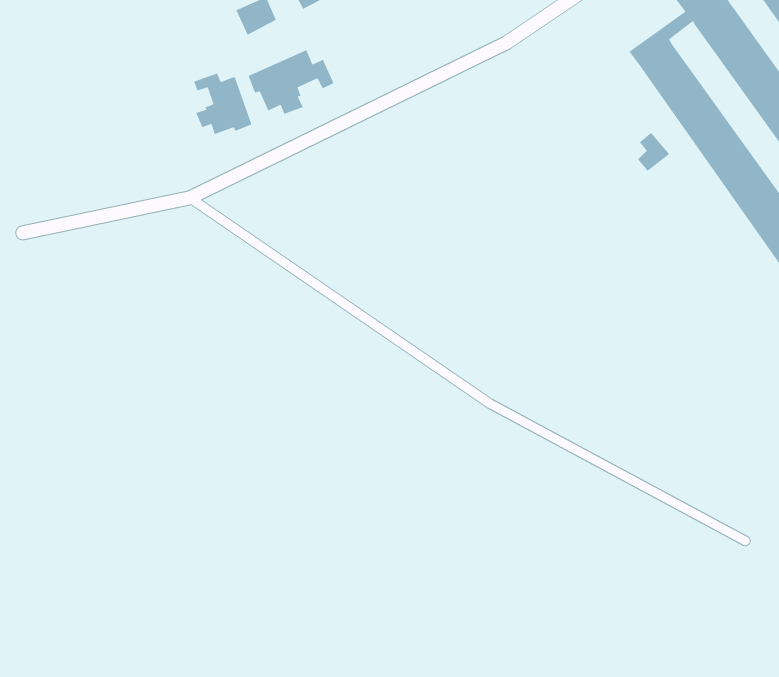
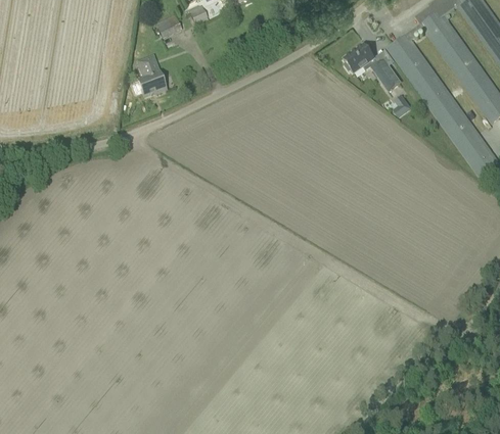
building: none -> [343,44,400,91]
building: [247,49,335,115] -> none

